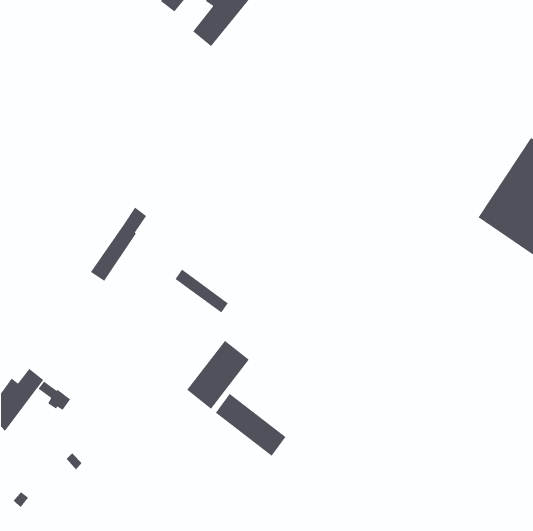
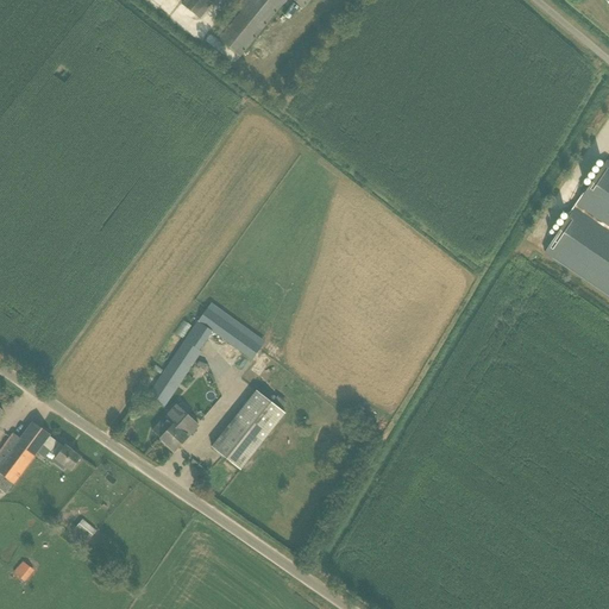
building: [90,206,147,282] -> [149,318,214,403]
building: none -> [153,402,200,448]
building: [215,393,286,457] -> none

